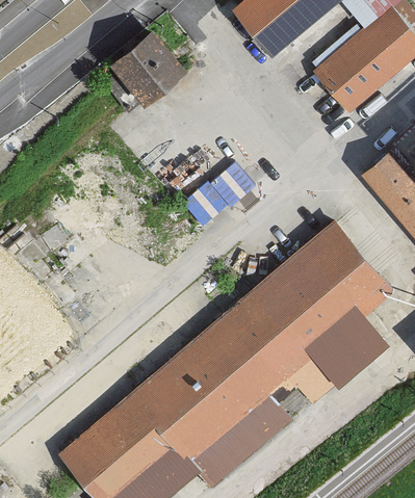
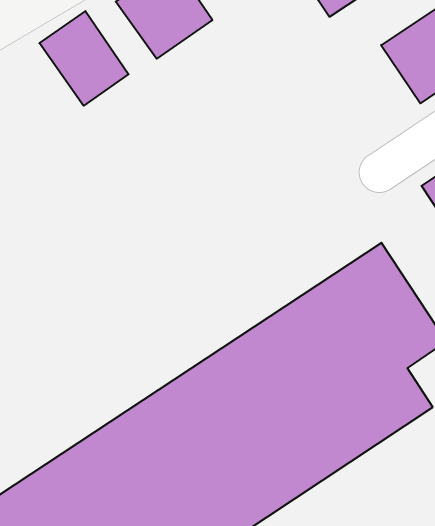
building: none -> [39,11,129,106]

